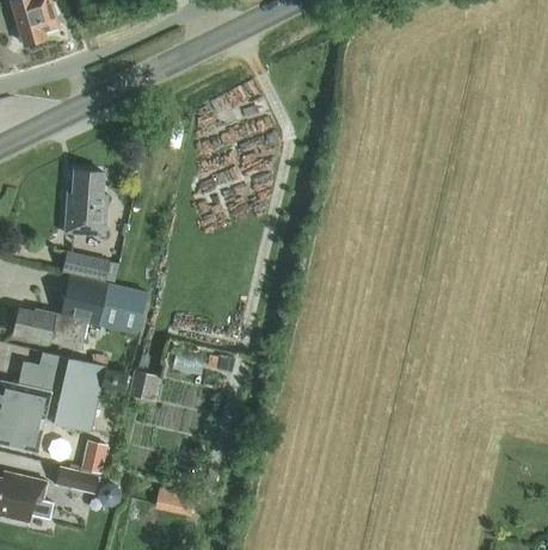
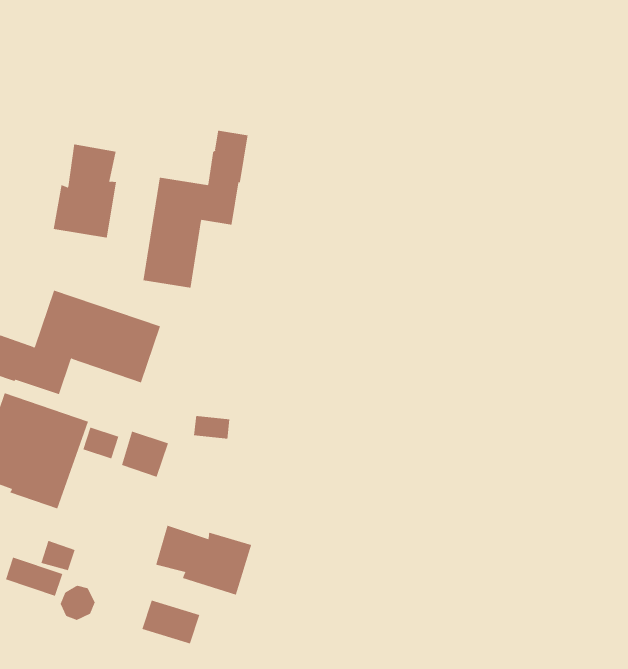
building: none -> [143,130,248,288]
building: [62,251,109,280] -> none
building: none -> [156,525,252,595]

